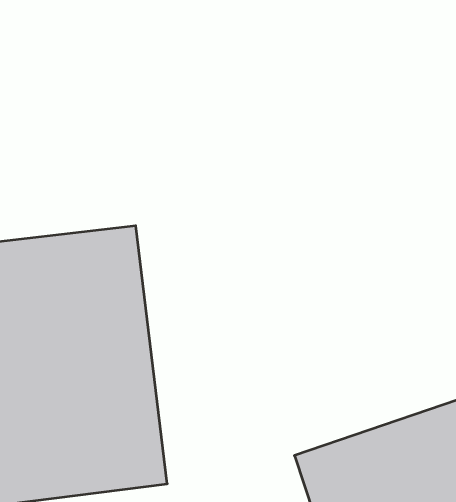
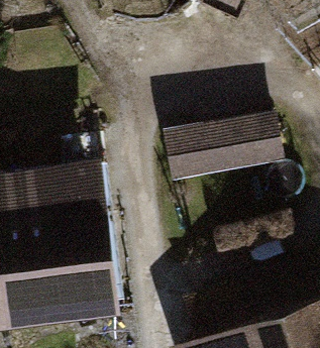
building: none -> [156,111,277,178]

